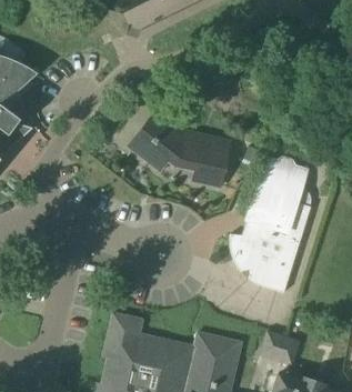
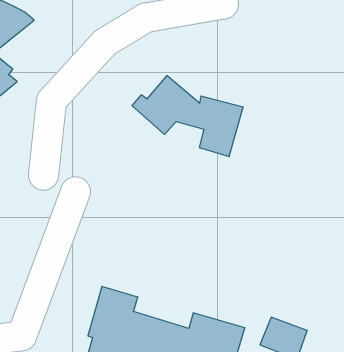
building: [230,154,311,292] -> none

